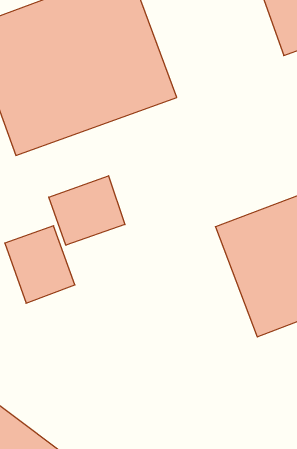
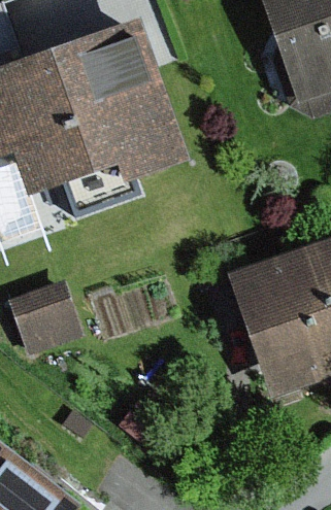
building: [49,176,125,245] -> none

